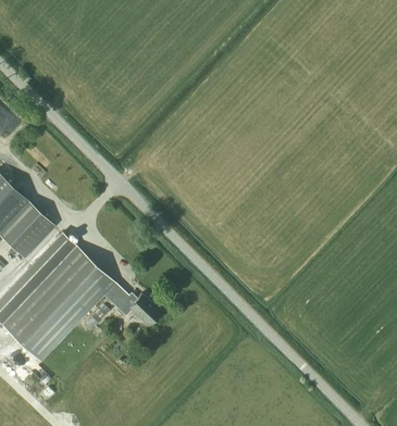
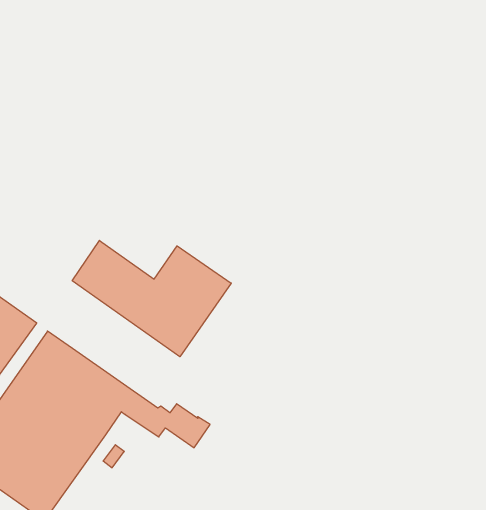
building: none -> [72,240,231,357]

